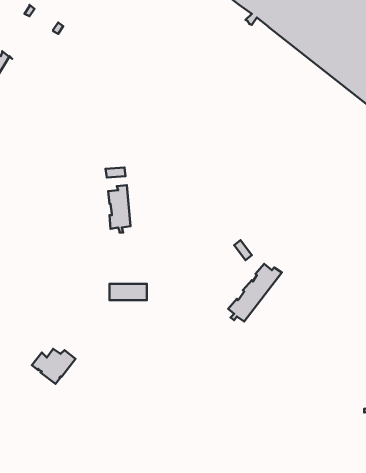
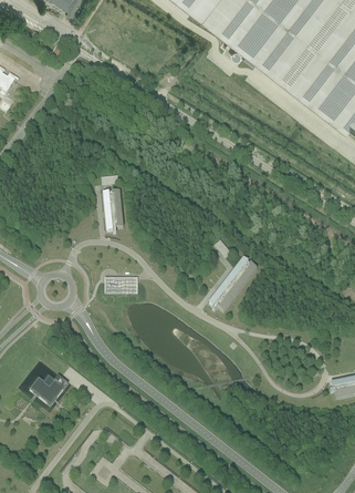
building: [32,349,76,384] -> [29,373,67,404]

